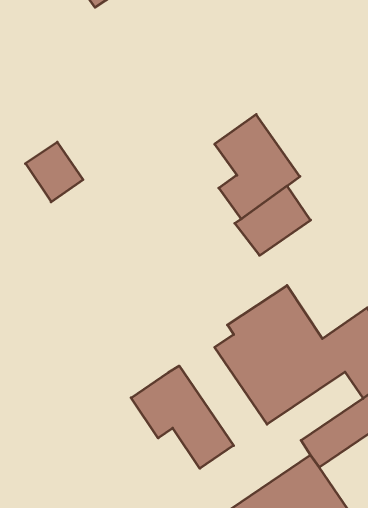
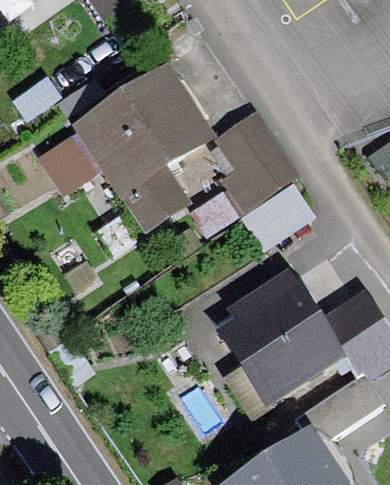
building: none -> [76,68,212,231]
building: [131,366,234,468] -> none

